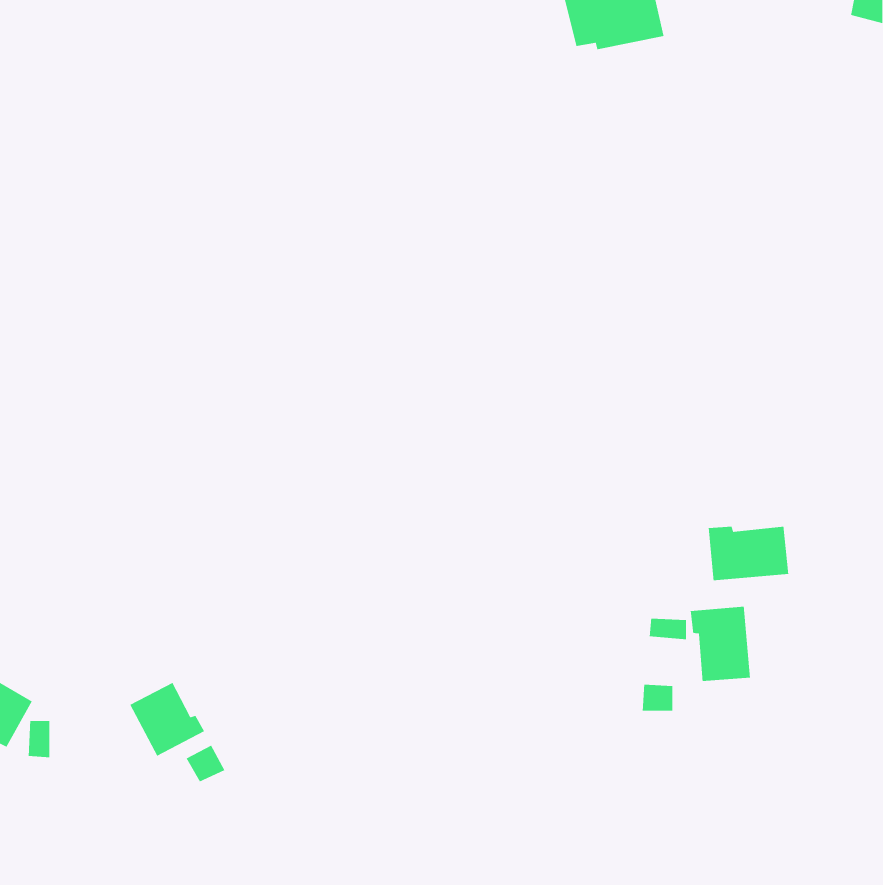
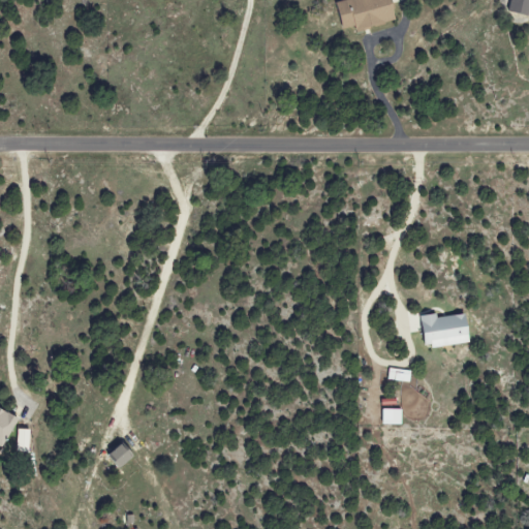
building: [690,606,751,682] -> none
building: [129,682,205,757] -> none

